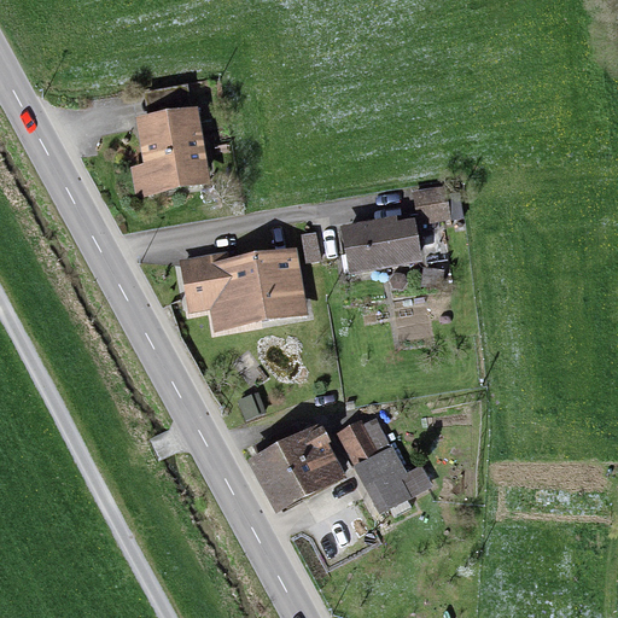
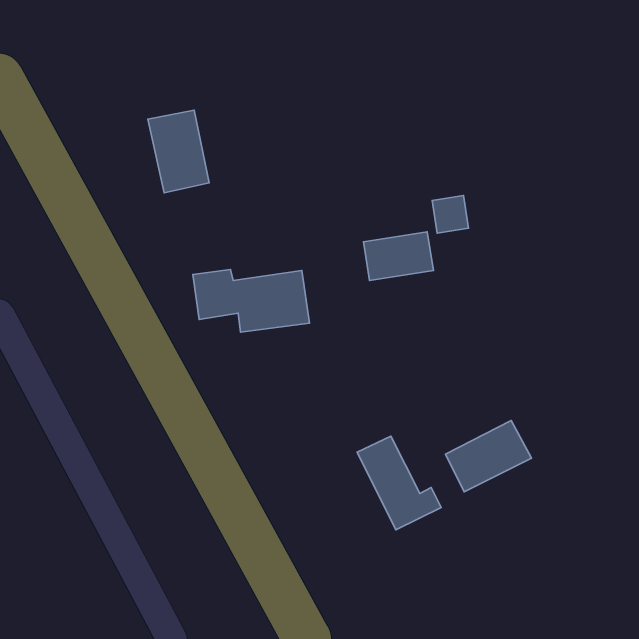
building: none -> [446,421,531,492]
building: [252,422,337,507] -> none

